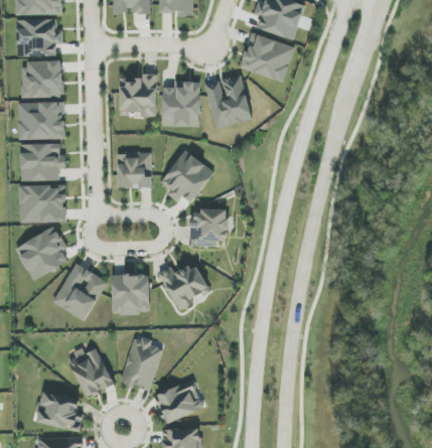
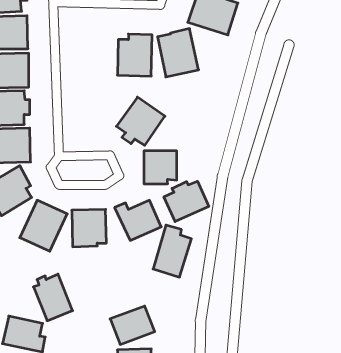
building: [119,73,157,117] -> none
building: [118,152,152,188] -> none
building: none -> [164,181,209,222]
building: [121,334,163,392] -> [153,225,191,277]

